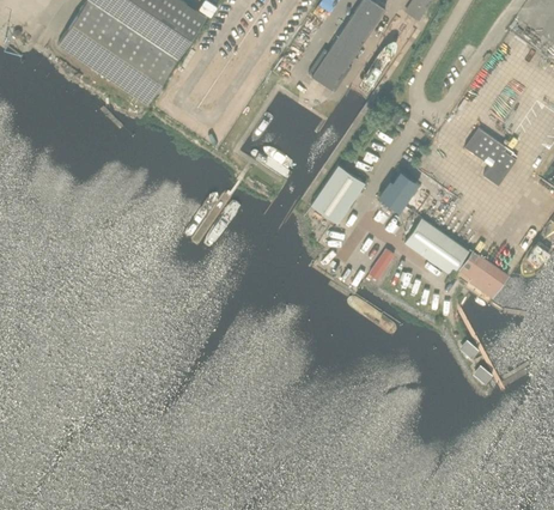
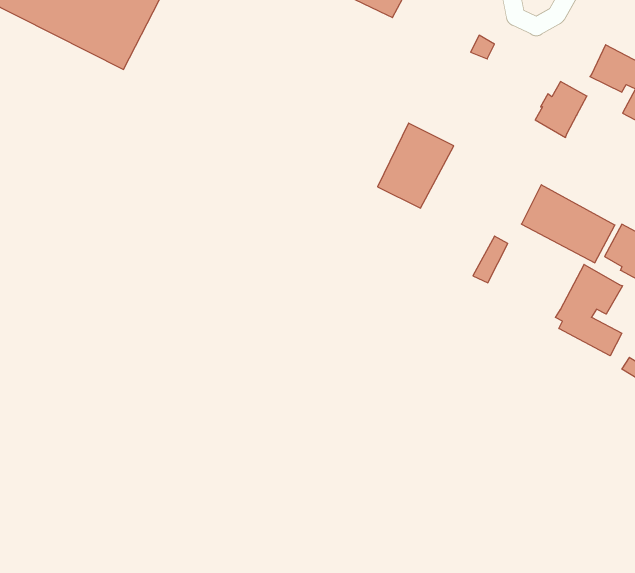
building: [381,171,418,210] -> [535,82,587,137]
building: none -> [555,264,623,356]

